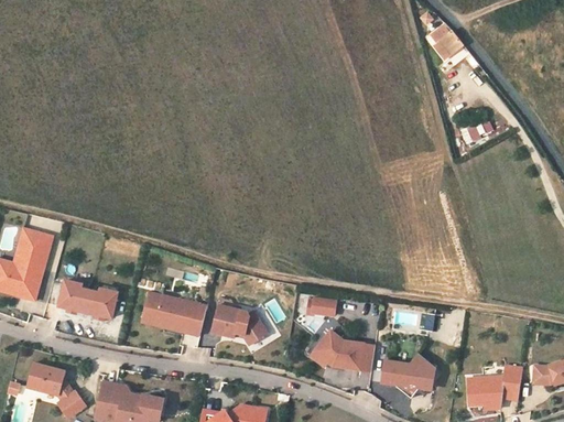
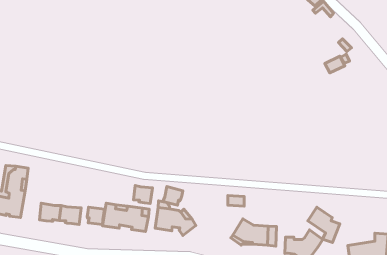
building: none -> [134,185,152,203]
building: none -> [163,187,183,205]
building: none -> [87,207,104,224]
building: none -> [308,207,340,243]

